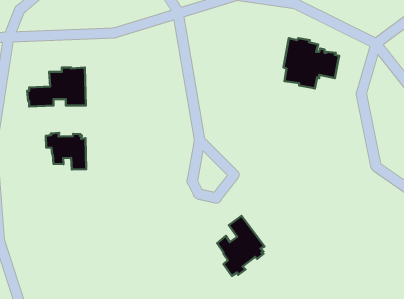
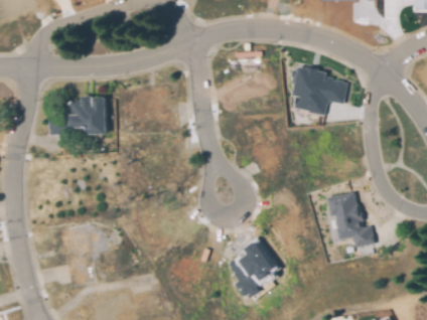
building: [46,133,86,169] -> none
building: none -> [327,193,374,248]

